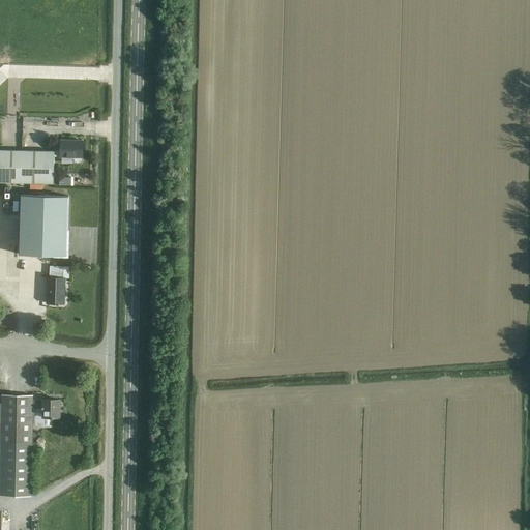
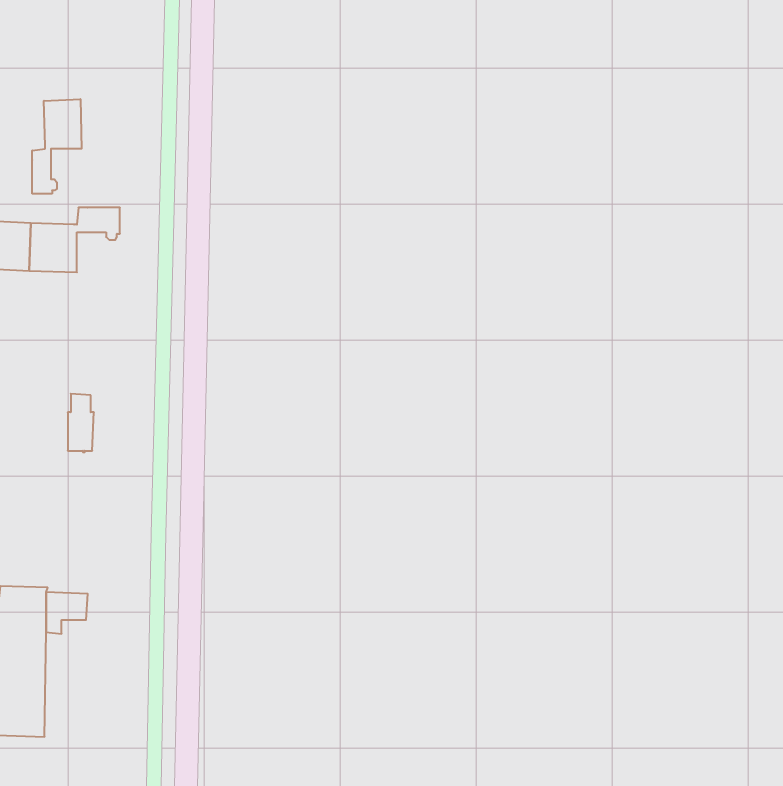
building: none -> [32,99,82,194]
building: [17,195,67,255] -> none

